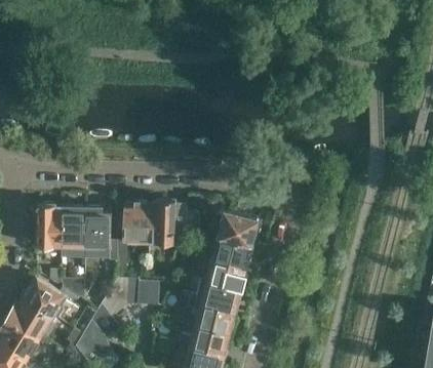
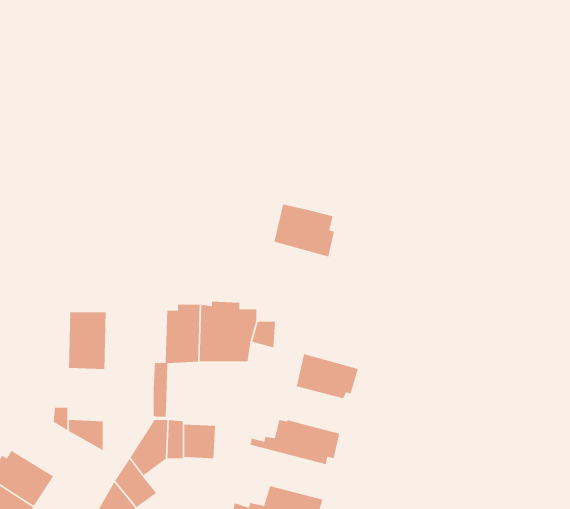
building: [37,204,62,246] -> none
building: [85,208,118,259] -> none
building: [218,210,259,246] -> [273,204,335,257]
building: [206,258,247,289] -> none
building: [23,279,65,318] -> none
building: [181,297,235,333] -> none

